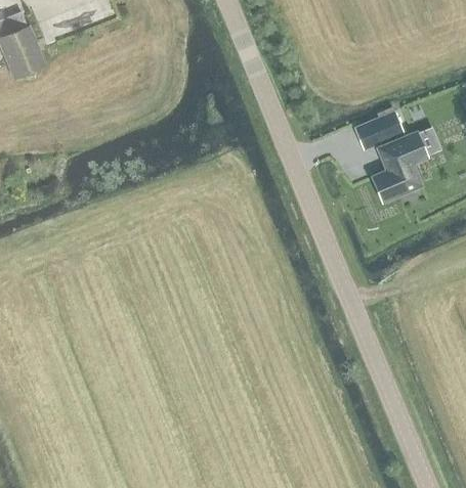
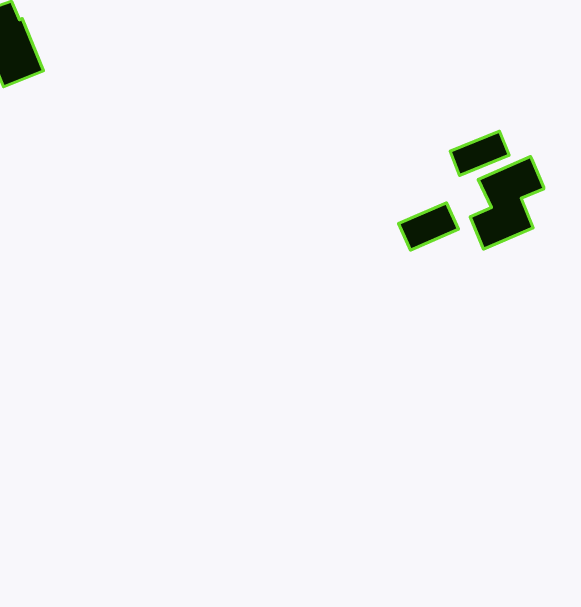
building: none -> [399,203,459,250]

